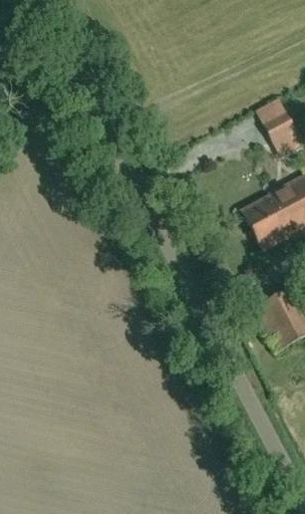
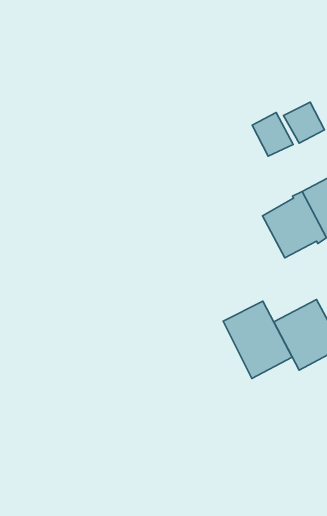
building: none -> [252,112,293,156]
building: none -> [223,301,292,379]

